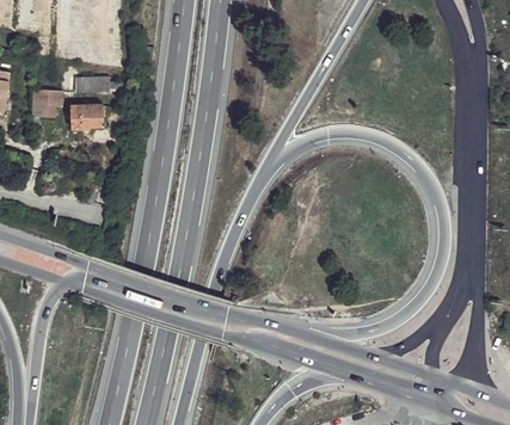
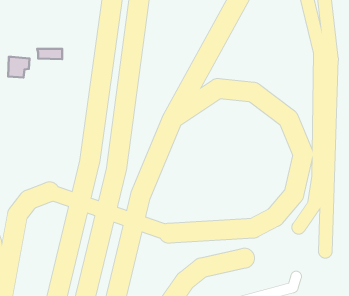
building: [70,104,104,129] -> none

